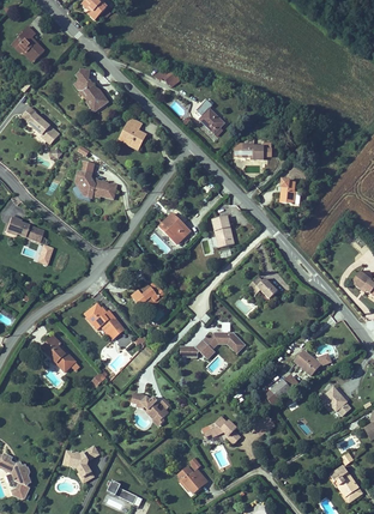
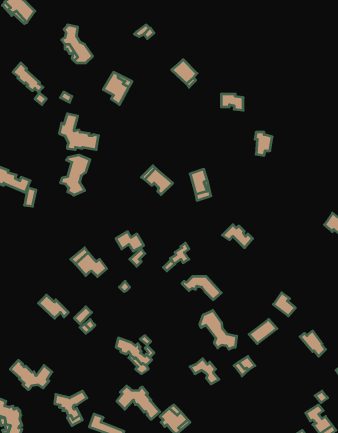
building: none -> [61,155,90,195]
building: none -> [200,310,237,349]
building: none -> [10,360,52,390]
building: none -> [117,386,160,419]

